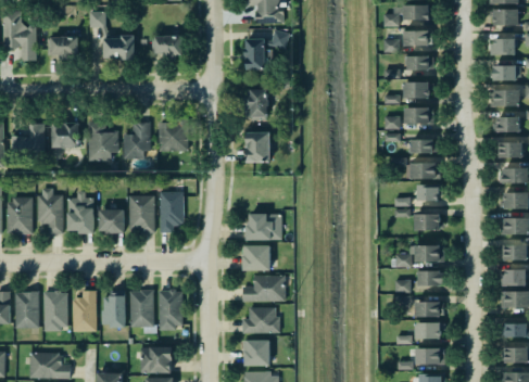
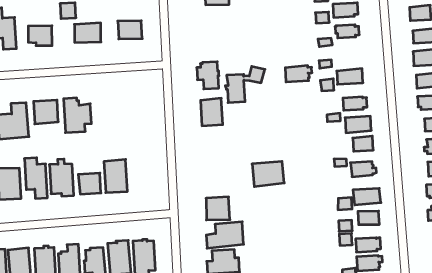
building: [242,29,289,69] -> [225,66,265,103]
building: [402,80,432,98] -> [285,66,312,82]
building: [122,122,149,157] -> none
building: [159,122,188,152] -> none
building: [156,190,185,234] -> none
building: [247,214,282,241] -> [252,161,284,187]

